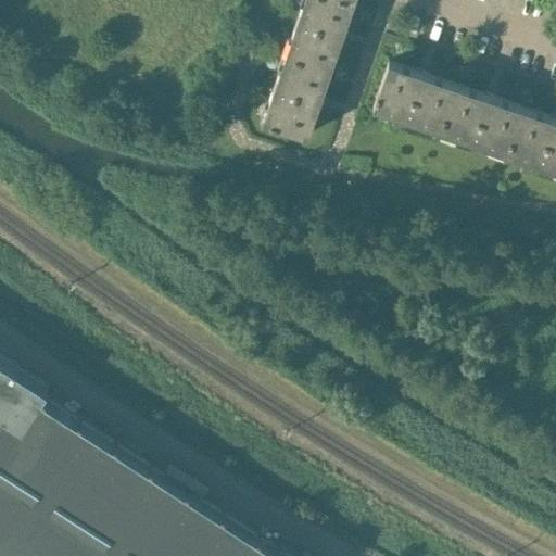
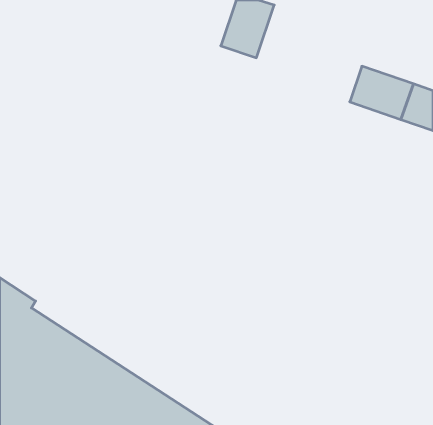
building: [262,70,328,144] -> none
building: [372,71,463,141] -> none

